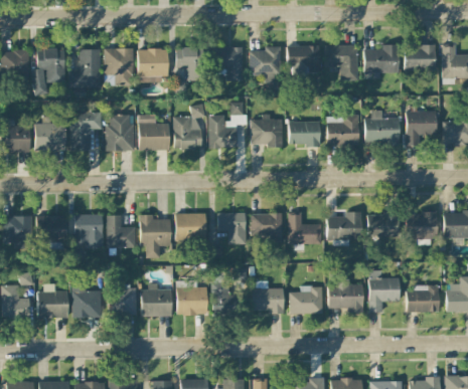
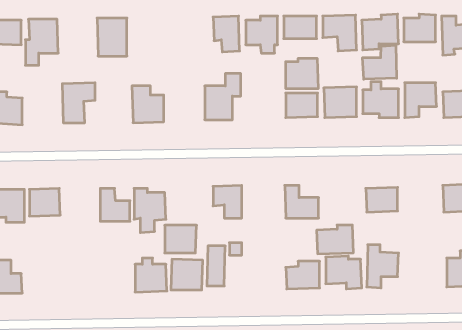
building: [176,46,204,80] -> none
building: [69,49,102,88] -> none
building: [137,49,168,81] -> none
building: none -> [363,45,397,79]
building: [173,105,204,150] -> none
building: [106,115,135,151] -> none
building: [251,117,283,146] -> [286,59,318,88]
building: [35,121,65,151] -> none
building: [326,212,362,240] -> [317,225,353,254]
building: [175,213,206,240] -> [165,225,197,253]
building: [251,213,283,242] -> none
building: [406,213,437,242] -> none
building: [74,214,103,248] -> none
building: [37,283,68,319] -> none
building: [72,283,102,318] -> none
building: [109,285,138,314] -> none
building: [406,286,439,313] -> none
building: [251,287,284,313] -> none

